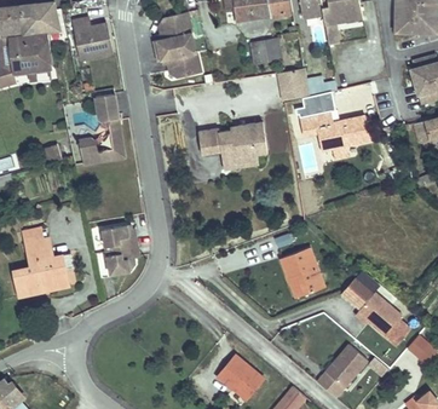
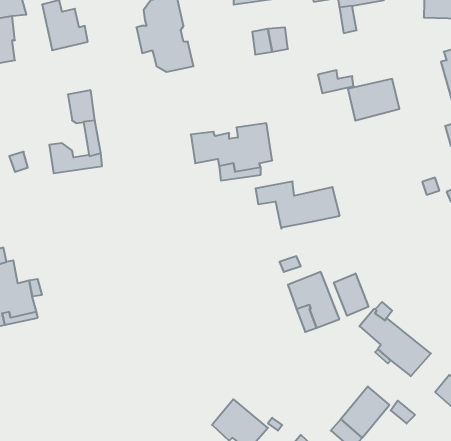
building: [283,68,310,99] -> none
building: [299,110,370,150] -> [255,181,340,229]
building: [102,224,139,273] -> none
building: none -> [334,273,368,316]

